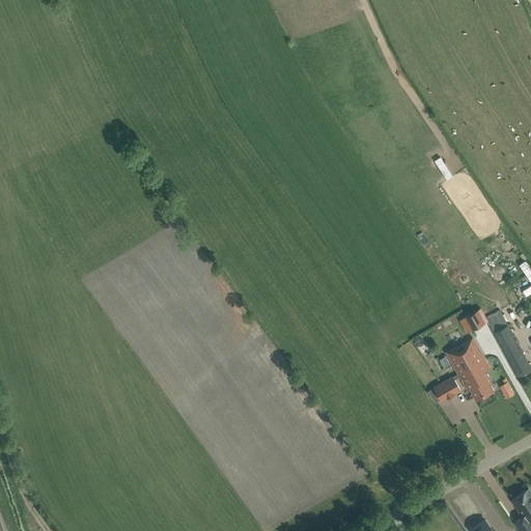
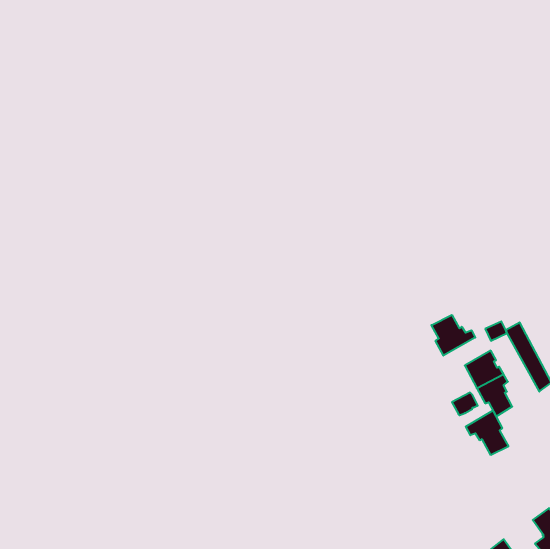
building: none -> [431,315,475,356]
building: none -> [466,411,508,455]

